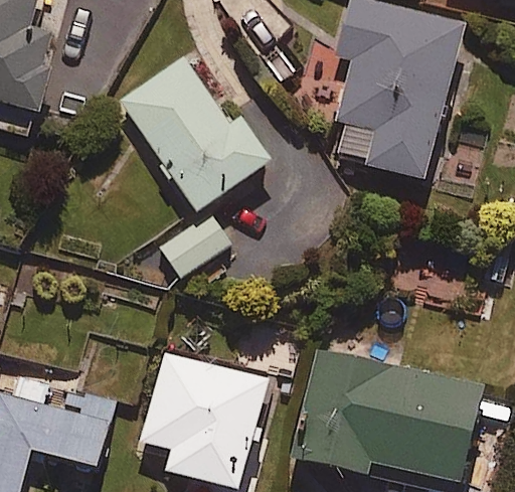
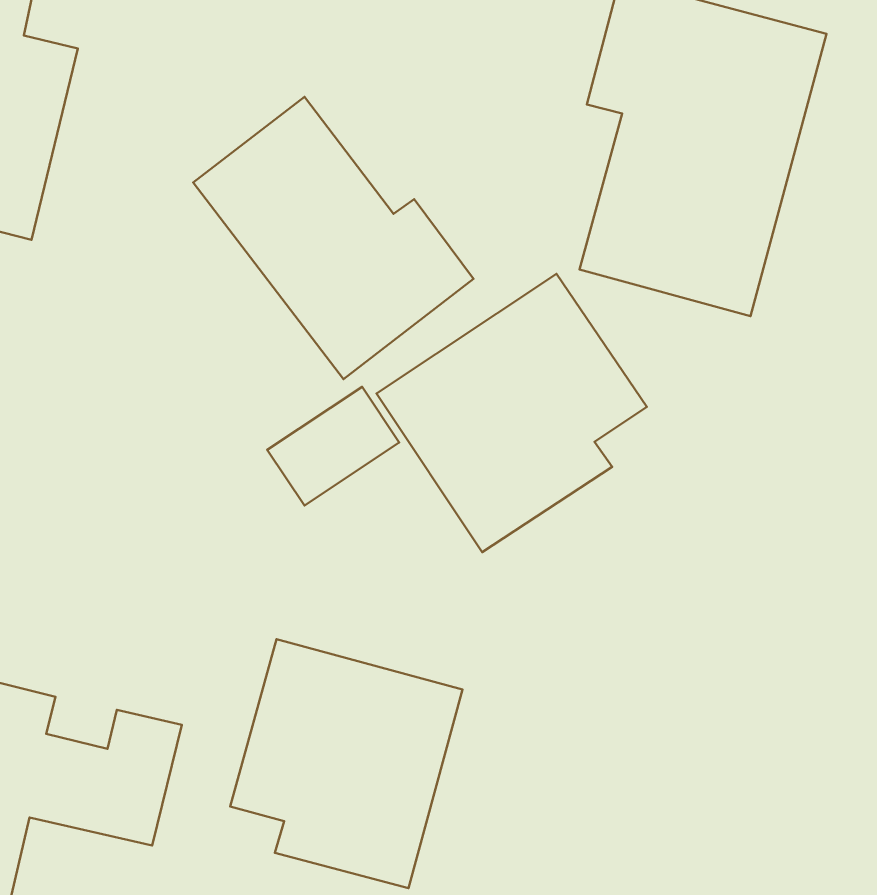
building: none -> [377,274,647,552]
building: [292,347,481,484] -> none

